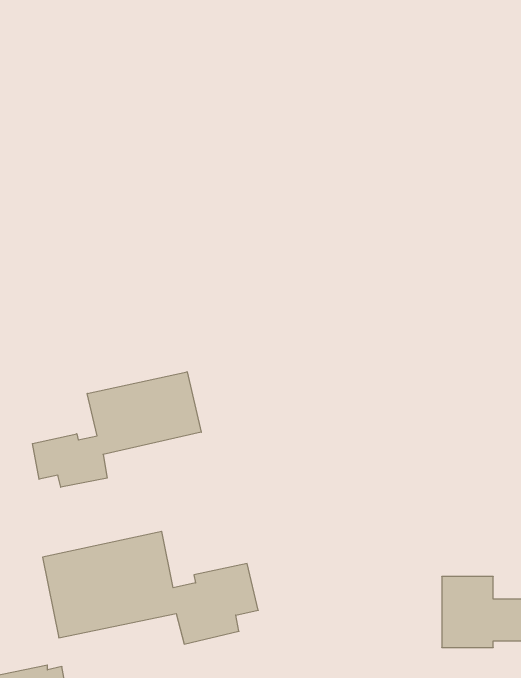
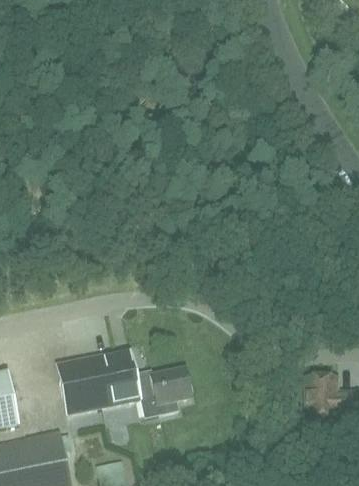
building: [32,372,201,487] -> none

